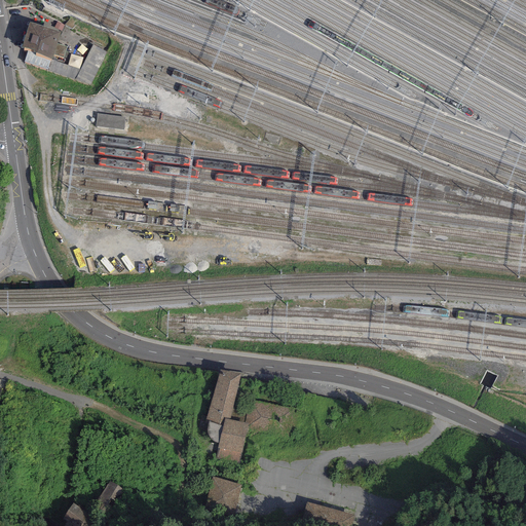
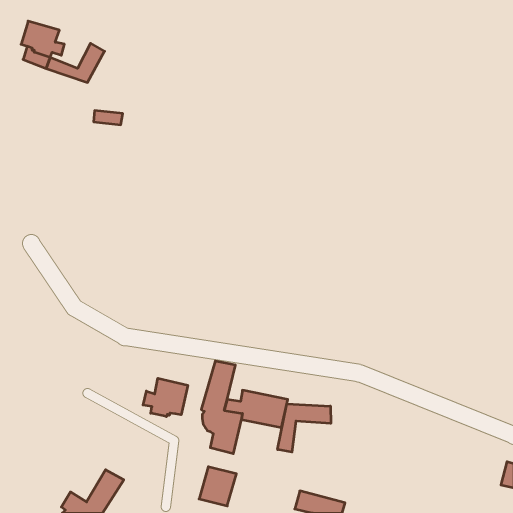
building: none -> [143,378,188,417]
building: none -> [278,404,331,452]

